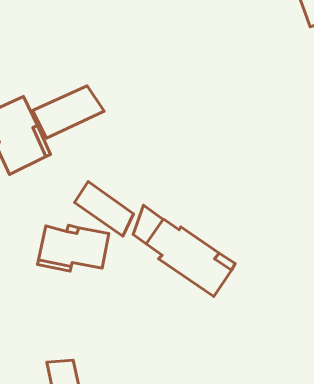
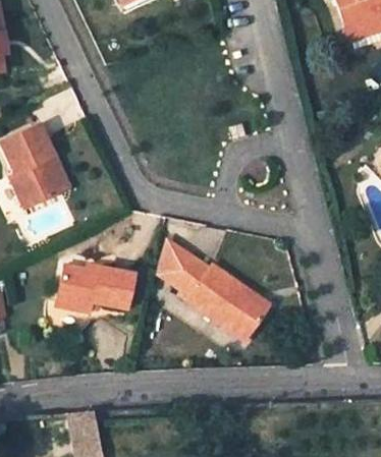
building: [33,86,104,138] -> none
building: [74,181,134,236] -> none

